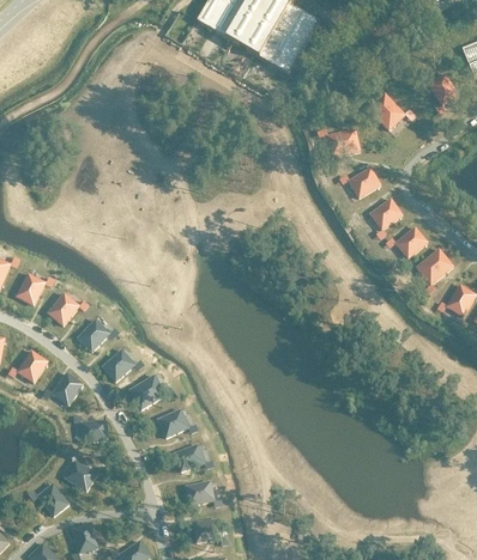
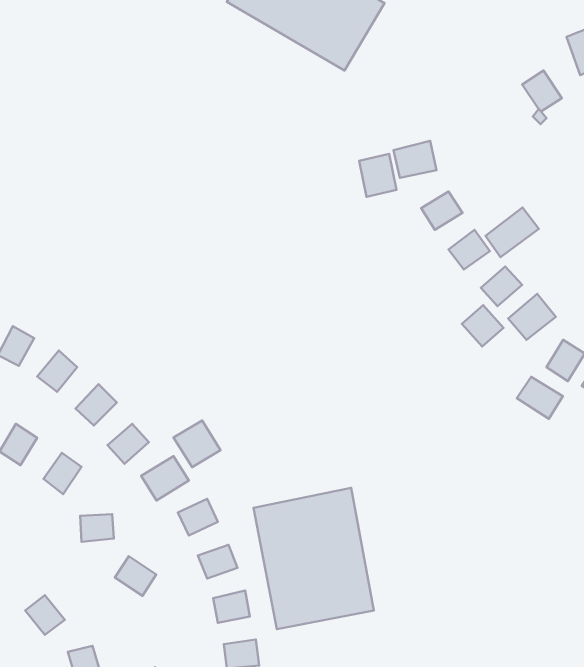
building: [369,92,405,129] -> none
building: none -> [359,154,397,197]
building: none -> [486,207,539,257]
building: none -> [462,305,504,347]
building: none -> [517,377,563,419]
building: none -> [174,421,220,467]
building: none -> [254,488,374,629]
building: [65,459,97,491] -> [115,556,156,596]

